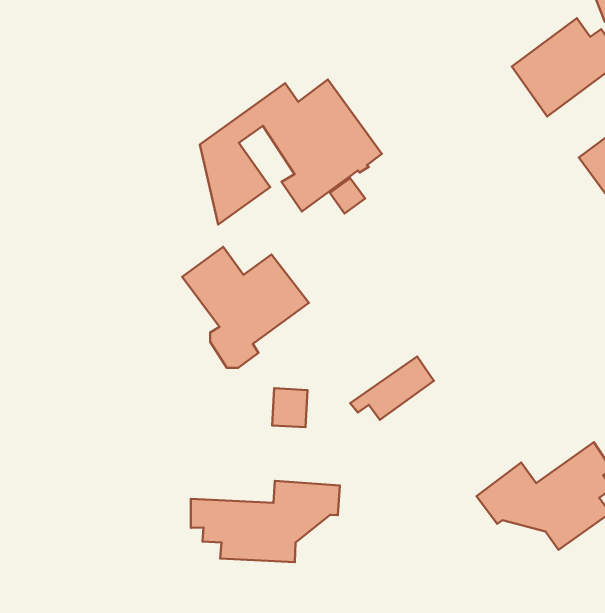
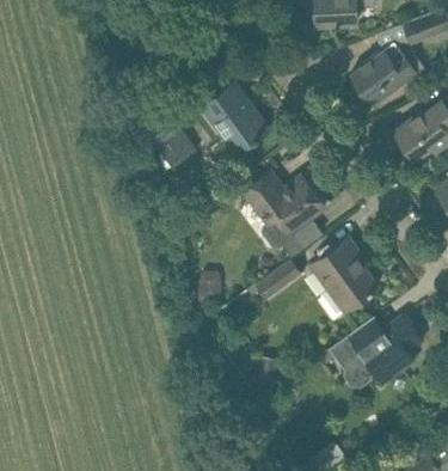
building: [182,247,309,368] -> [244,171,325,249]
building: none -> [311,238,378,311]
building: [191,481,340,562] -> none

